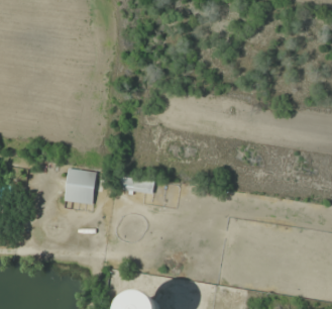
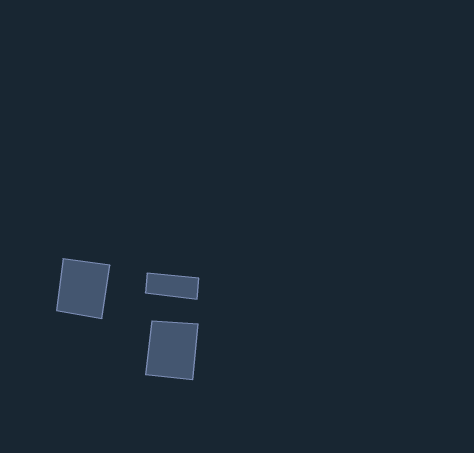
building: none -> [146,321,198,380]

